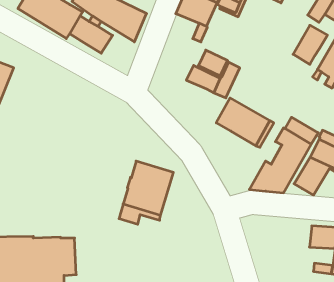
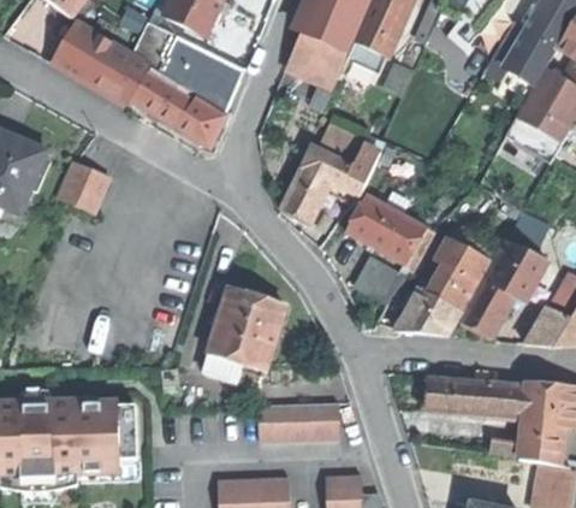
building: [293,25,327,64] -> none
building: none -> [176,98,224,148]
building: none -> [58,161,109,212]
building: none -> [283,167,332,224]
building: none -> [355,256,404,302]
building: none -> [424,378,488,415]
building: none -> [259,402,340,439]

